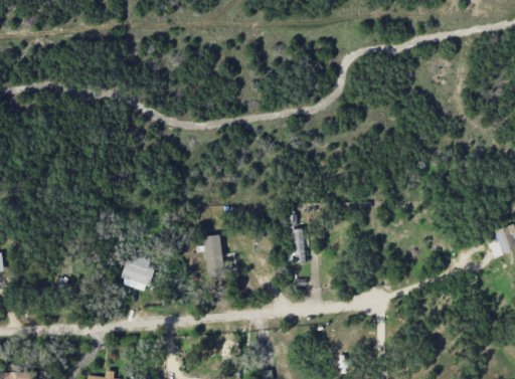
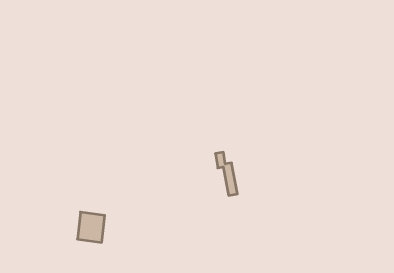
building: [202,234,224,270] -> none

